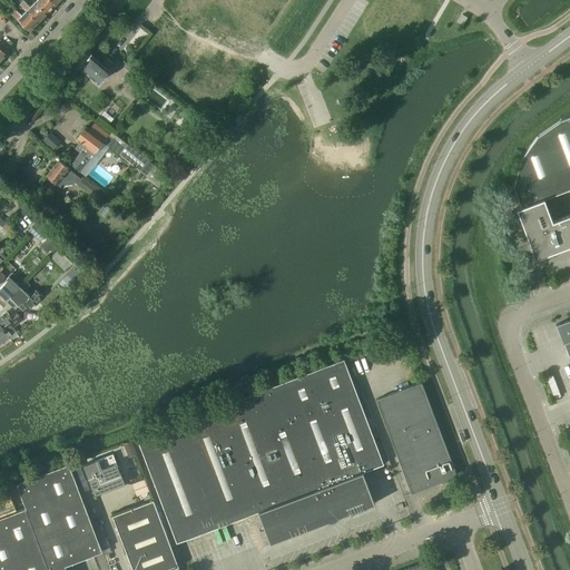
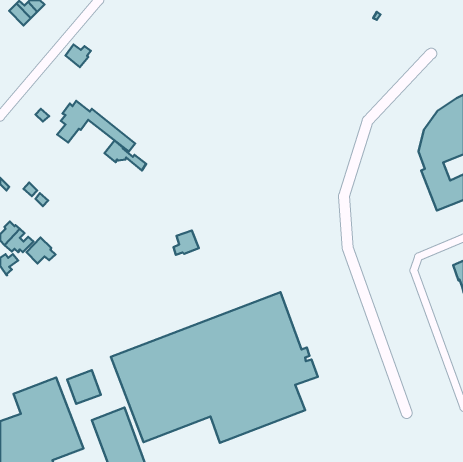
building: [48,163,99,199] -> [105,140,146,170]
building: none -> [174,230,199,255]
building: none -> [27,238,55,263]
building: [376,384,458,495] -> none

